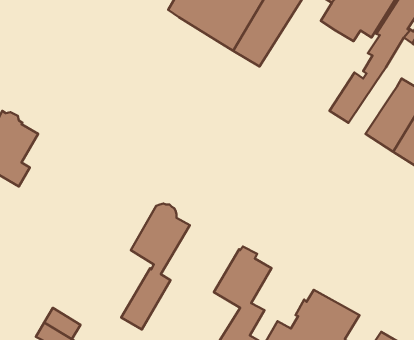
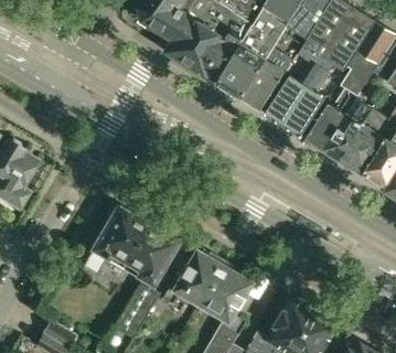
building: none -> [242,49,293,110]
building: none -> [266,65,328,136]
building: none -> [323,99,372,160]
building: none -> [84,208,147,276]
building: none -> [162,250,223,306]

